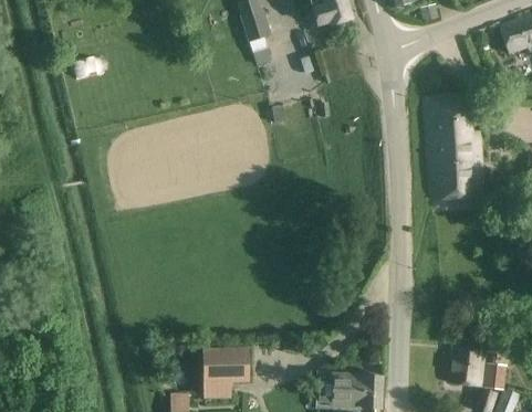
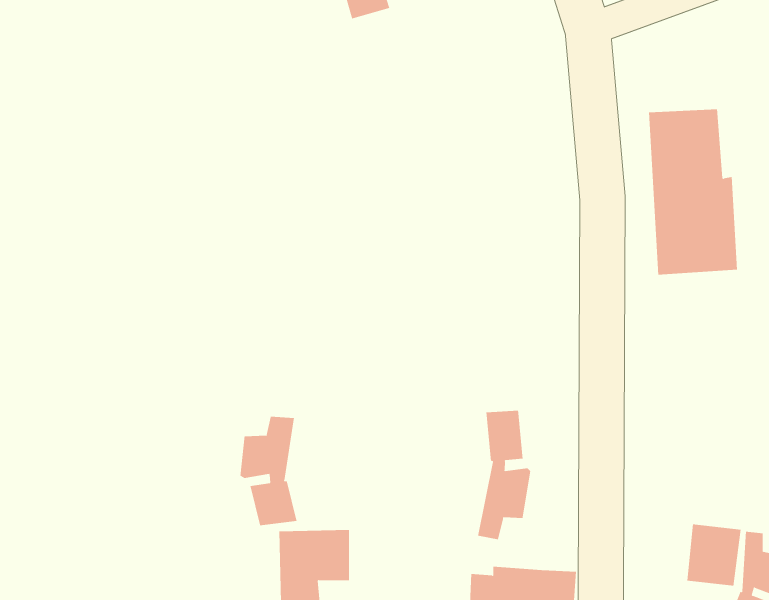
building: none -> [478,410,531,540]
building: none -> [240,416,297,526]

